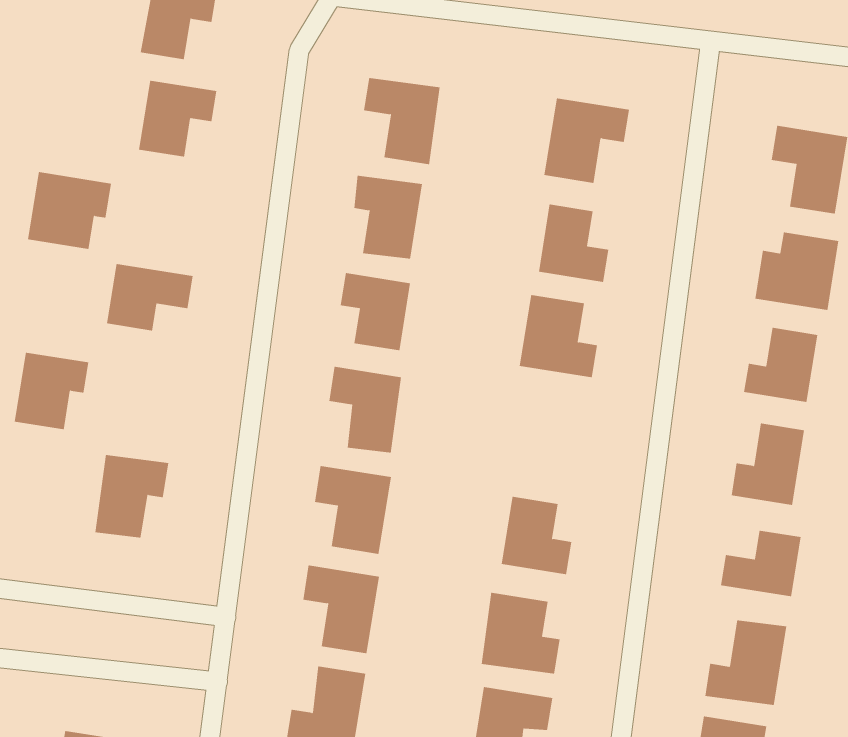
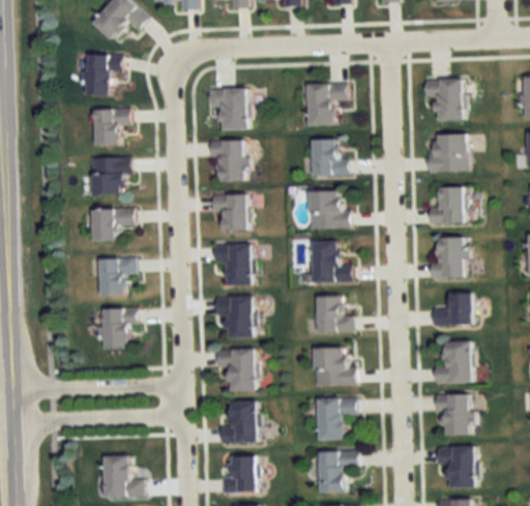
building: [27,172,112,249] -> [91,158,130,195]
building: [14,352,89,430] -> [99,258,134,295]
building: none -> [313,240,351,281]

